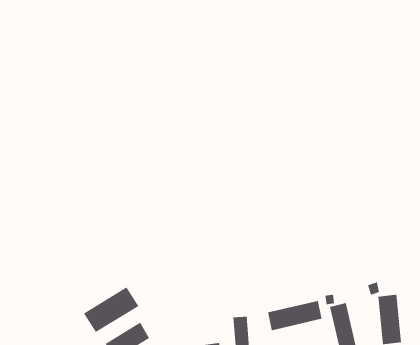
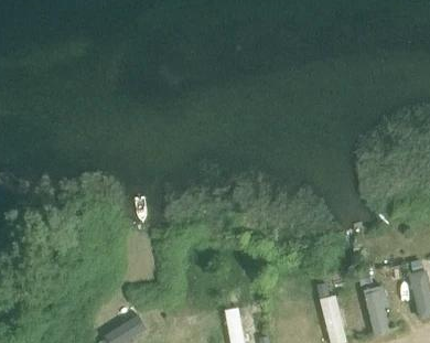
building: [83,287,139,333] -> none
building: [267,300,322,331] -> none

